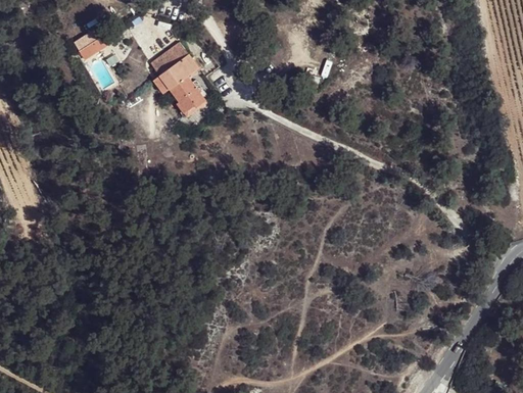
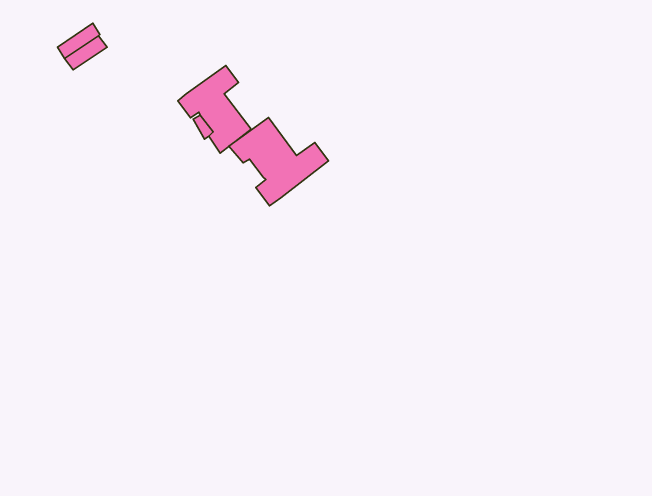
building: [150,41,189,75] -> none
building: none -> [229,117,328,206]

